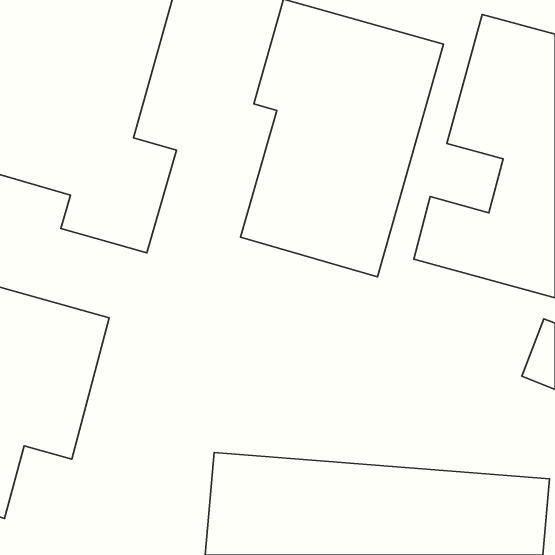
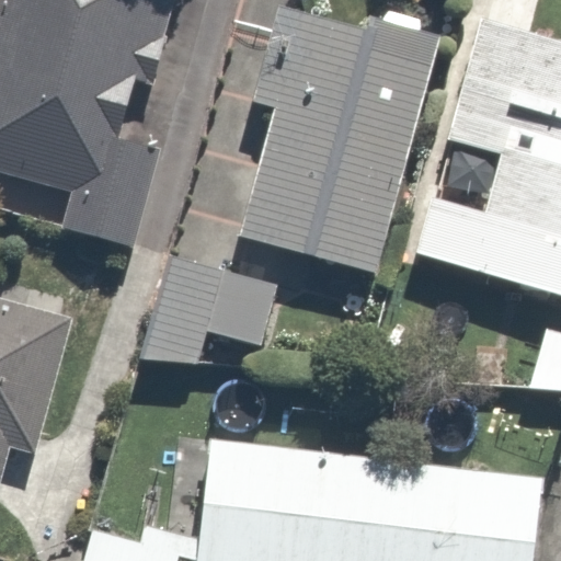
building: none -> [134,248,283,371]

